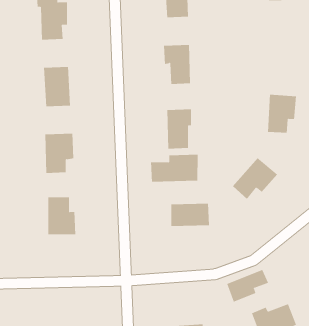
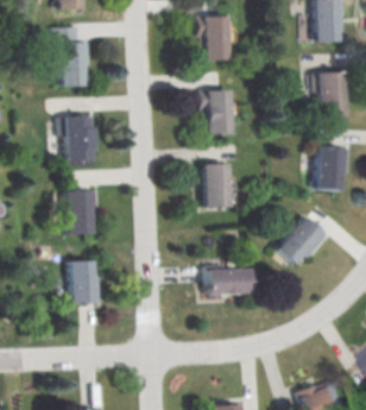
building: none -> [313,71,345,116]
building: [150,154,198,183] -> none
building: [227,269,269,302] -> none

